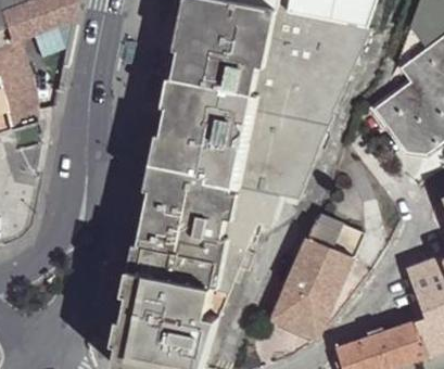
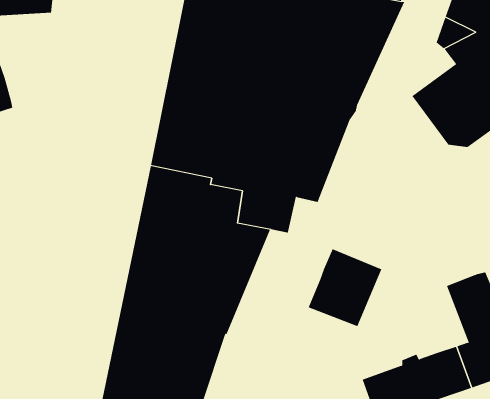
building: [306,216,358,256] -> none
building: [271,289,328,340] -> none

